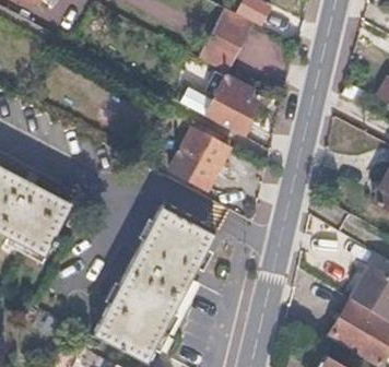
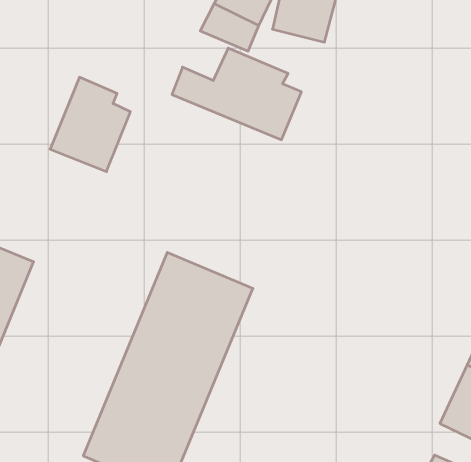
building: [170,122,226,187] -> [50,77,130,172]

